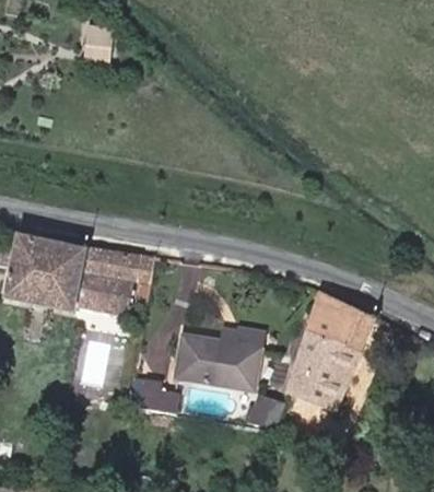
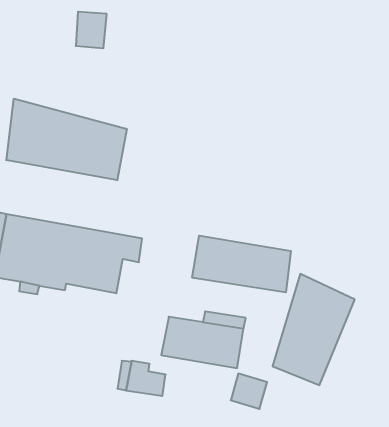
building: none -> [6,99,127,180]
building: none -> [192,236,291,292]

